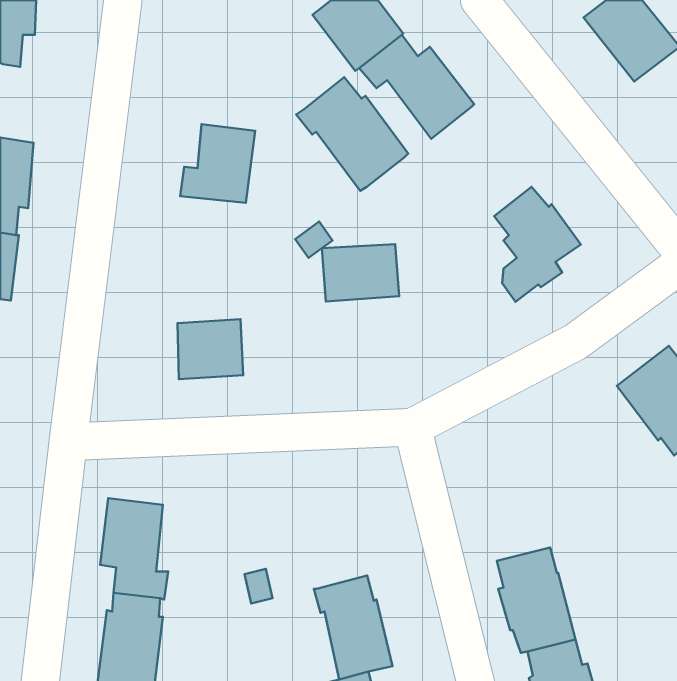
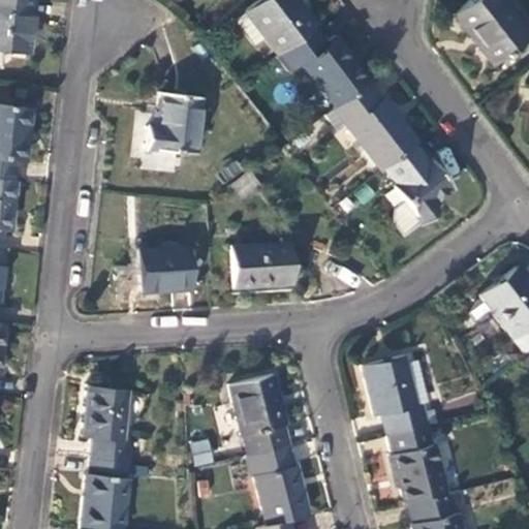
building: [296,77,408,191] -> [332,84,418,172]
building: [322,244,399,301] -> [232,244,292,288]
building: none -> [365,355,433,435]
building: none -> [230,376,288,457]

